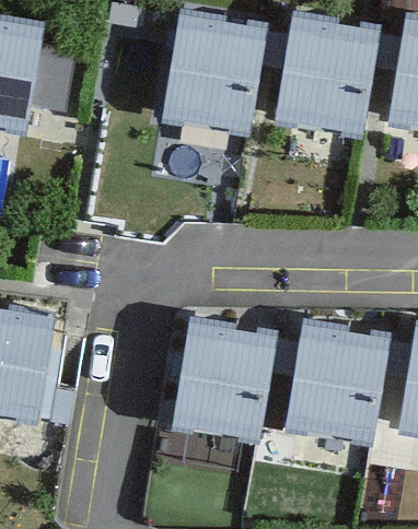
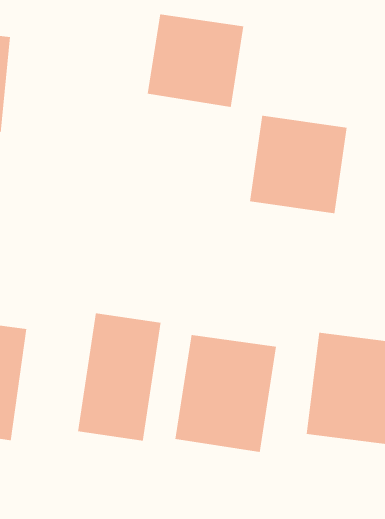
building: [278,36,370,128] -> [249,115,347,214]
building: none -> [77,313,161,441]

